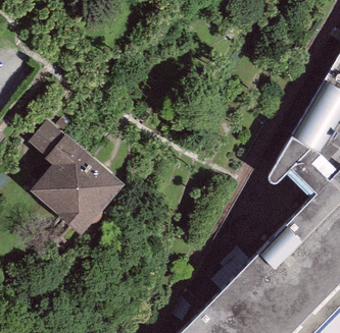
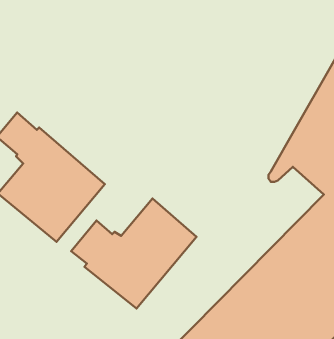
building: none -> [71,199,197,309]

